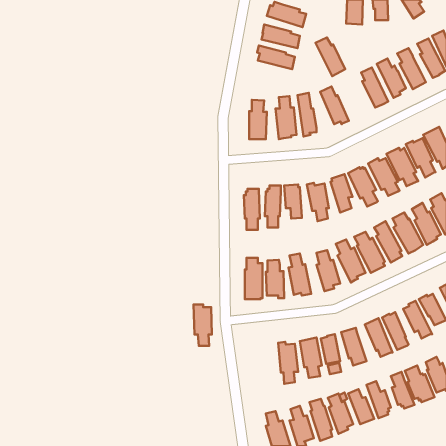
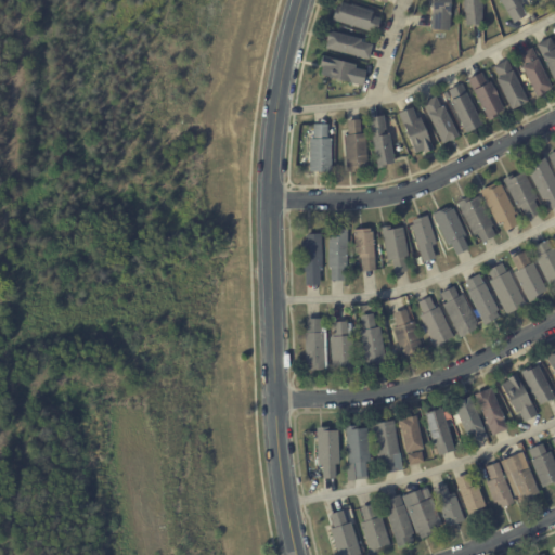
building: [316,38,345,76] -> [422,96,459,144]
building: [194,305,212,346] -> [317,426,339,477]

